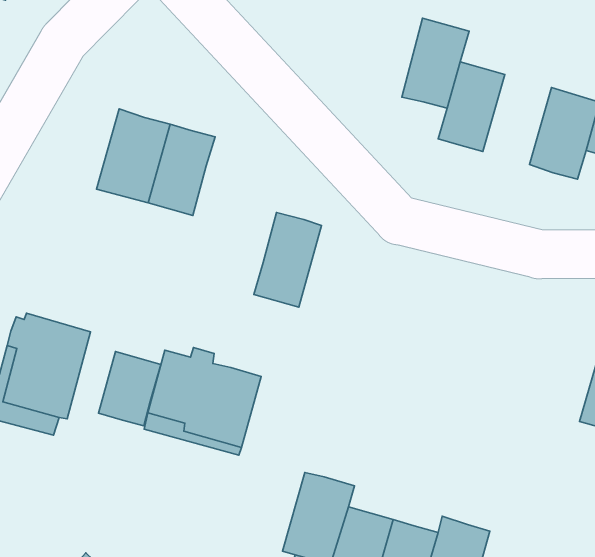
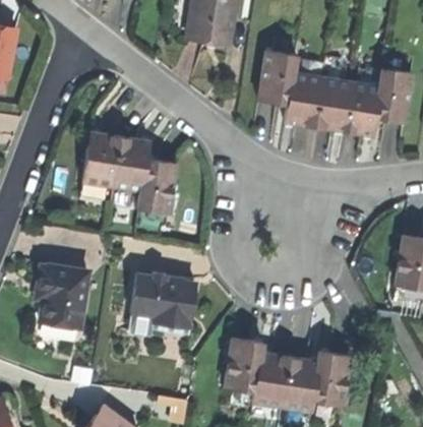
building: none -> [313,77,350,130]
building: [254,213,321,307] -> [138,158,174,214]
building: [98,352,161,426] -> none

